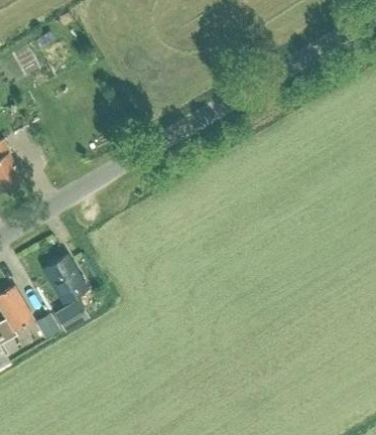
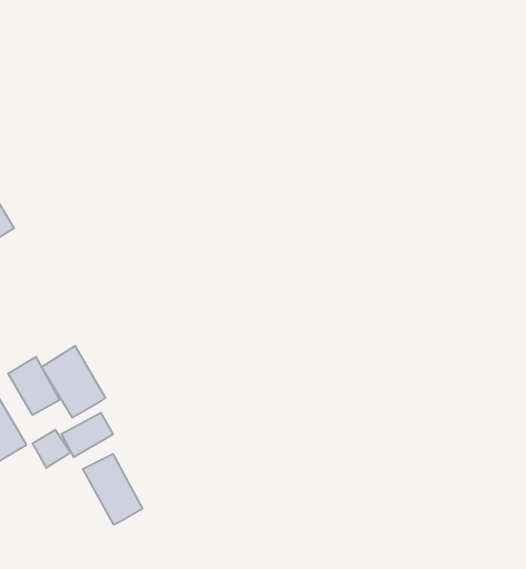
building: none -> [8,357,59,415]
building: none -> [83,454,142,525]

